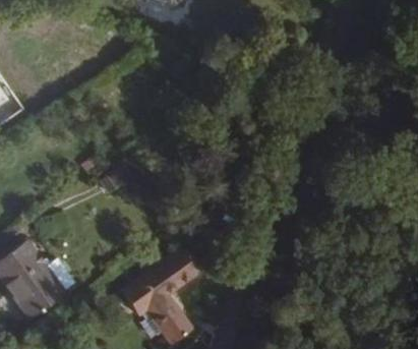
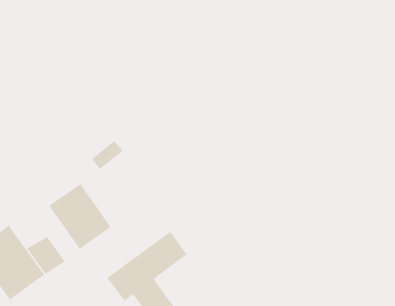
building: none -> [48,183,112,250]

